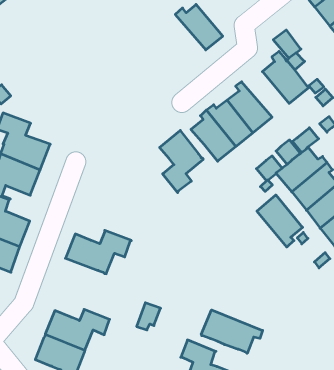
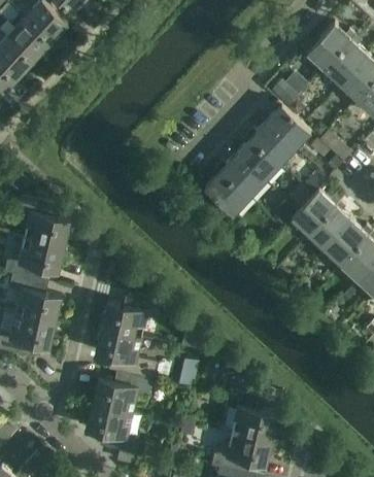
building: [175,4,223,50] -> [245,124,294,166]
building: [160,130,203,193] -> none
building: [257,195,303,247] -> none
building: none -> [94,329,155,381]
building: [201,310,263,353] -> none

